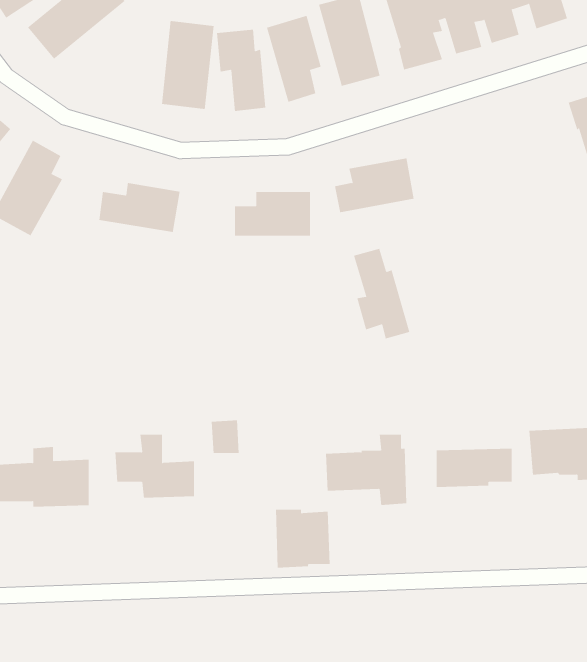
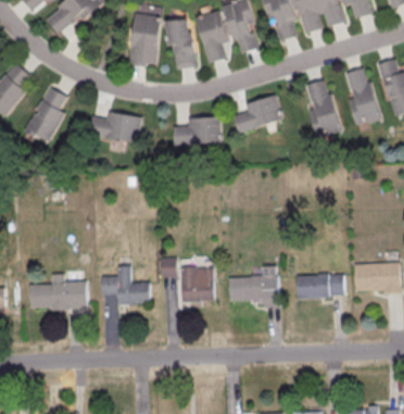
building: none -> [344,67,380,124]
building: [353,248,410,339] -> [305,79,340,135]
building: [275,509,330,568] -> [179,266,213,302]

